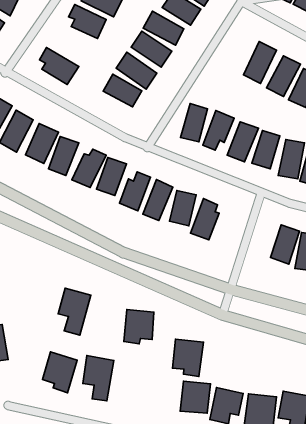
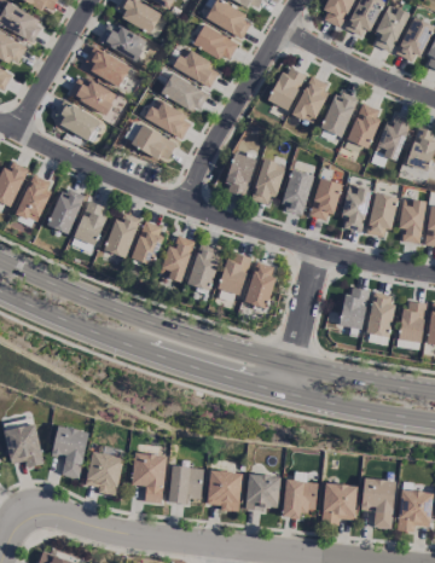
building: none -> [70,74,117,115]
building: none -> [271,65,304,110]
building: [58,288,91,335] -> [53,425,89,478]
building: [124,309,154,344] -> [170,465,203,504]
building: [172,339,203,376] -> [209,470,243,511]

